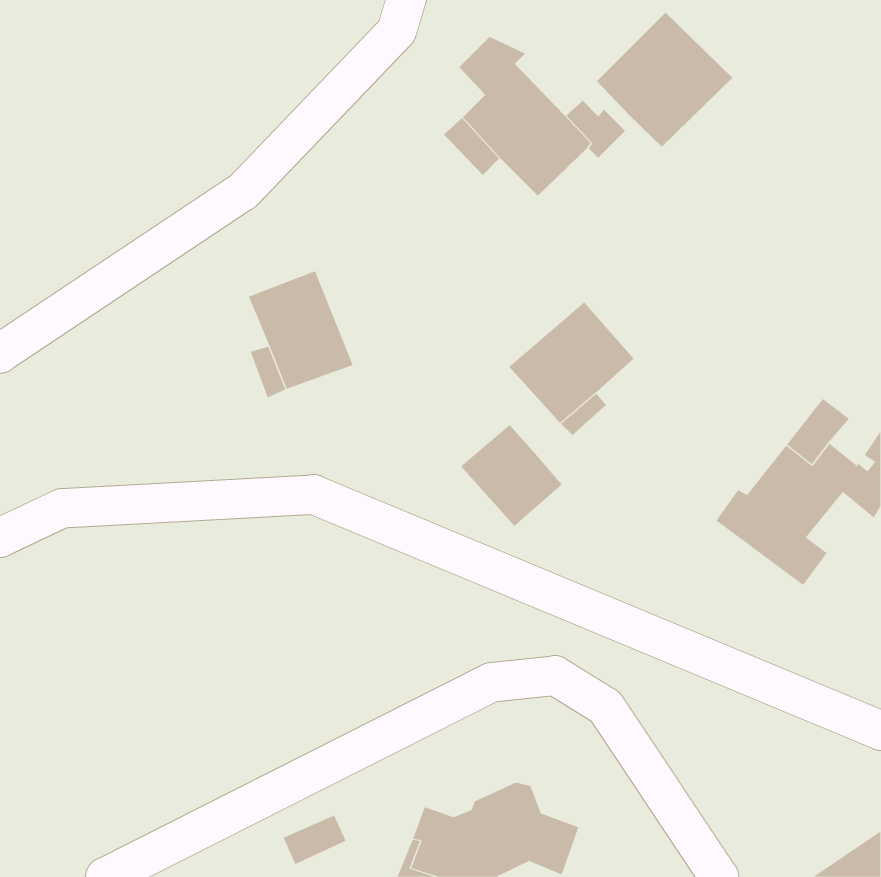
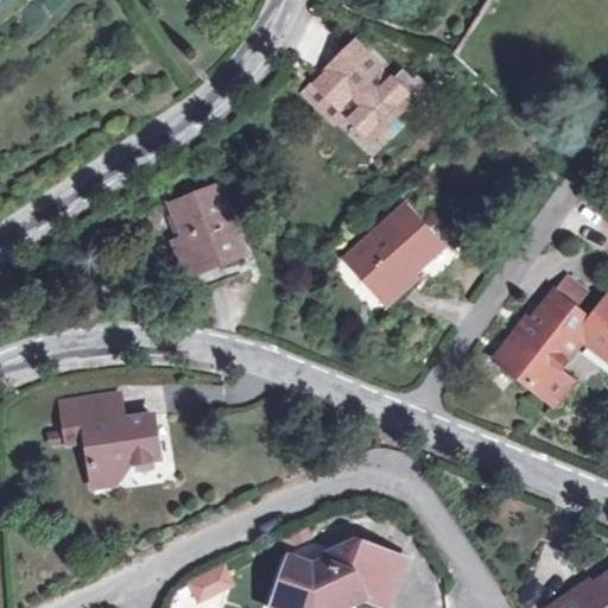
building: [596,12,733,147] -> none
building: [460,424,562,527] -> none
building: none -> [64,400,158,486]

